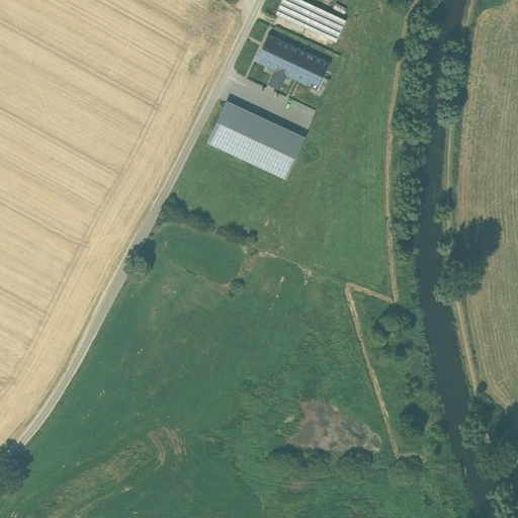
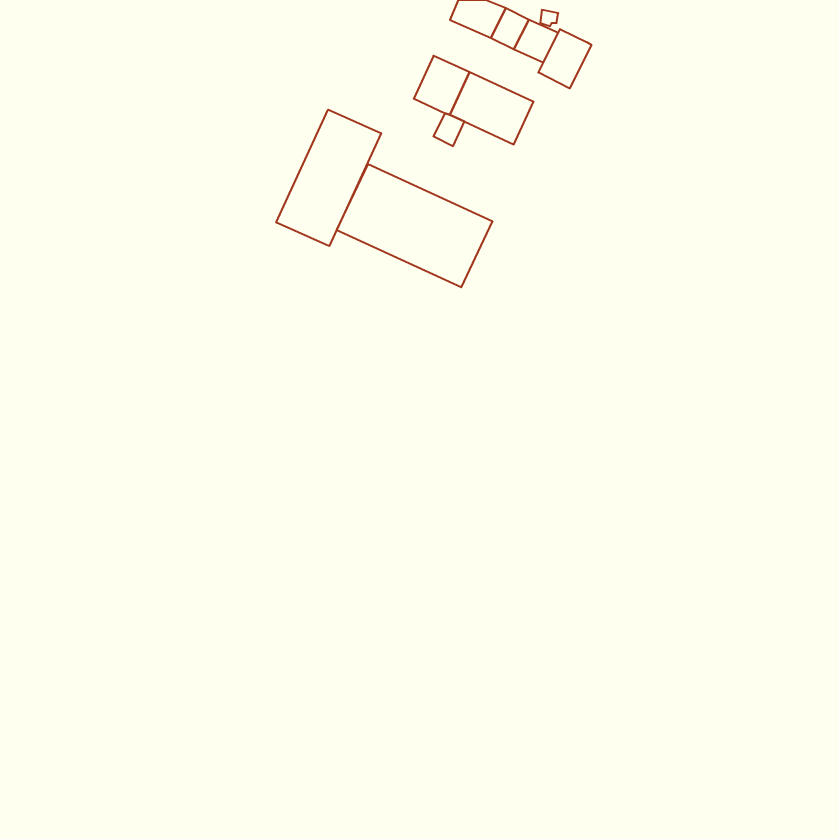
building: none -> [538,29,591,88]
building: none -> [276,110,381,246]

